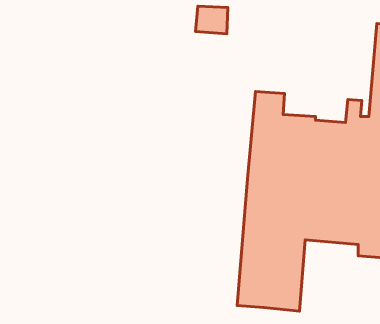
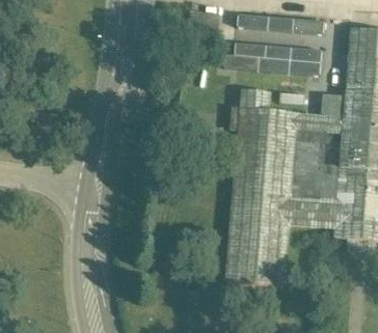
building: none -> [228,10,326,75]

